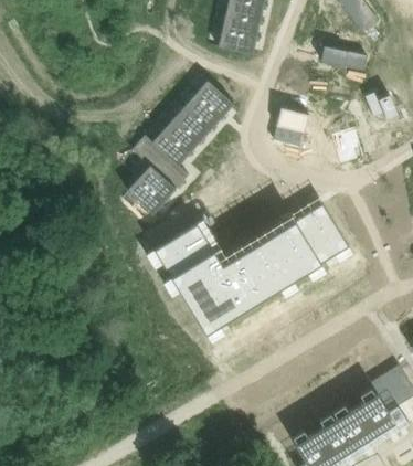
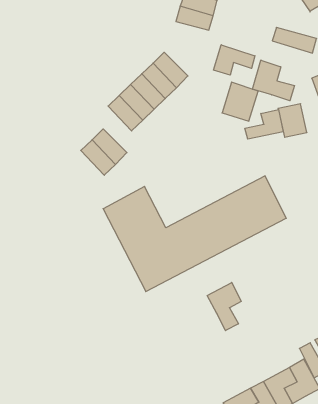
building: none -> [213,45,255,75]
building: none -> [252,60,295,101]
building: none -> [245,110,283,139]
building: [131,135,189,189] -> none
building: none -> [207,282,241,331]

